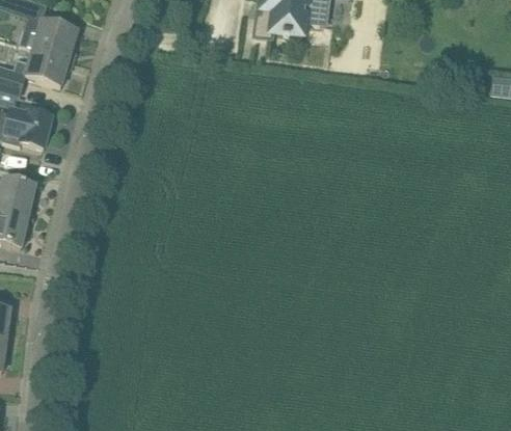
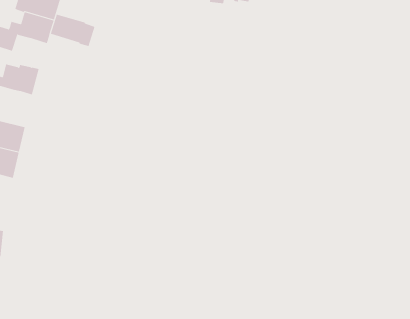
building: none -> [50,14,95,47]

